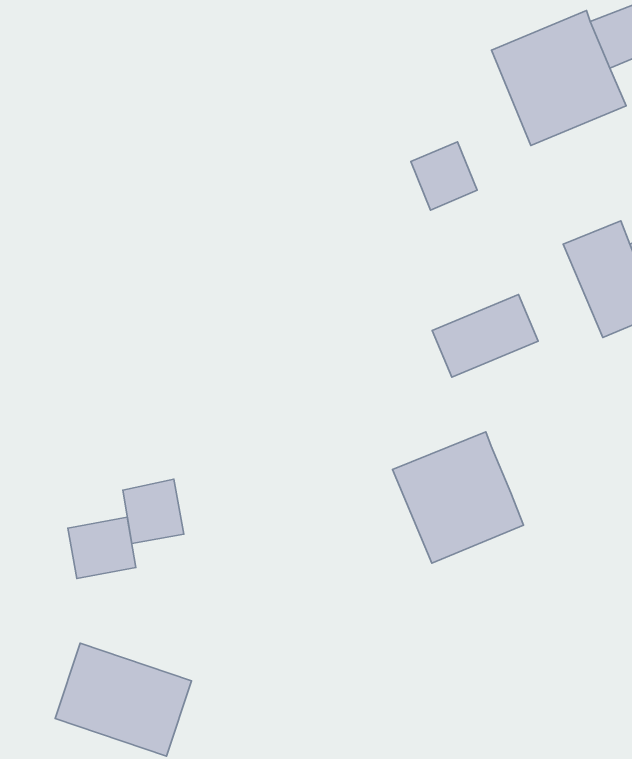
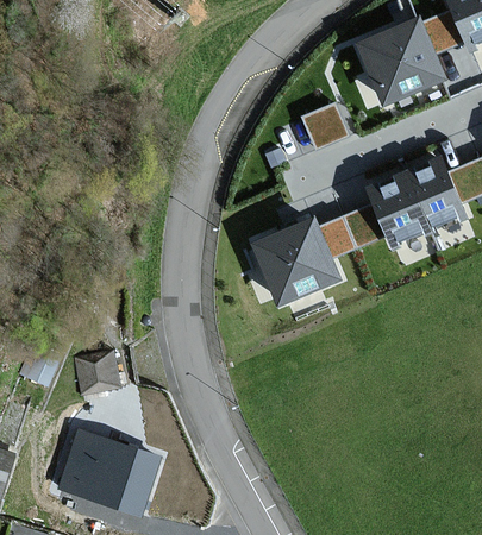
building: none -> [365,171,428,248]
building: [392,432,523,563] -> [250,219,337,306]
building: [123,479,184,544] -> none

